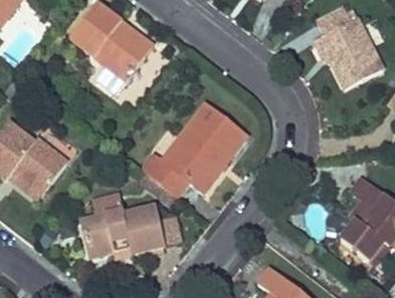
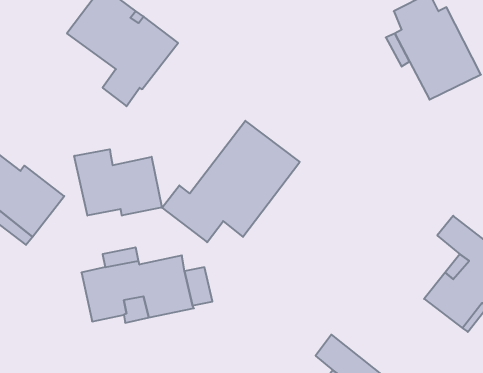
building: none -> [74,149,162,216]

